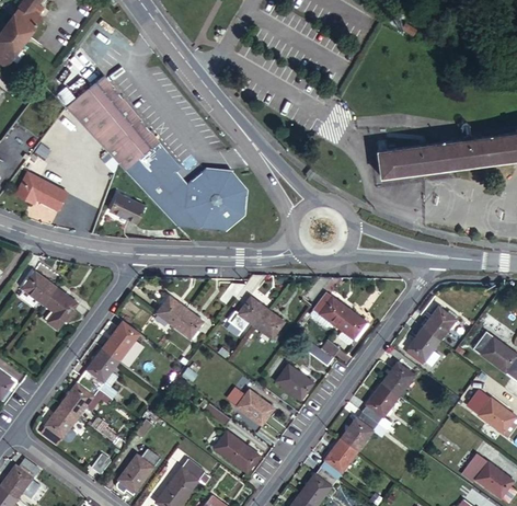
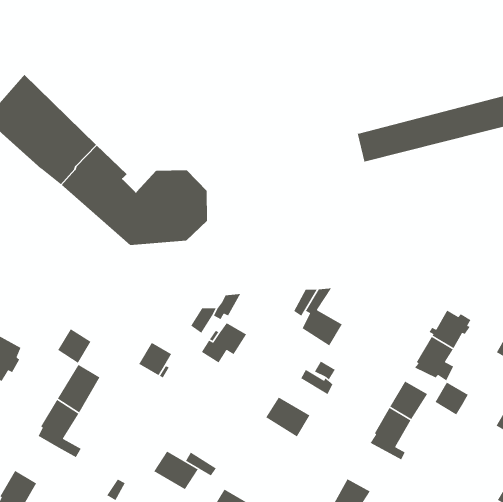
building: [108,191,146,223] -> none
building: [157,295,186,325] -> [57,328,91,364]
building: [254,310,285,340] -> none
building: [335,310,365,345] -> none
building: none -> [434,381,469,415]
building: [60,377,99,416] -> none
building: [235,391,274,426] -> [153,450,199,490]
building: [338,412,386,452] -> none

